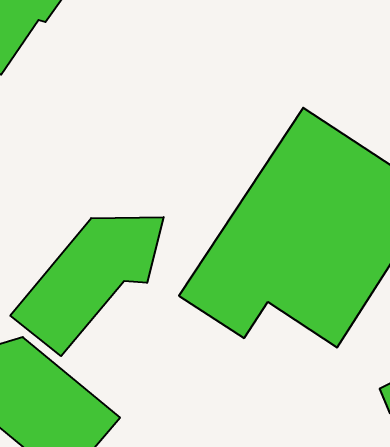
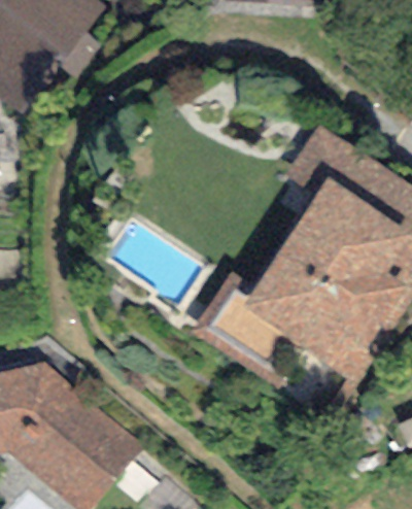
building: [10,217,164,356] -> none

